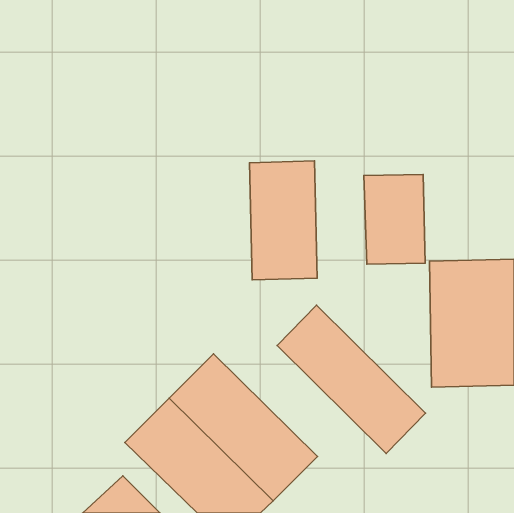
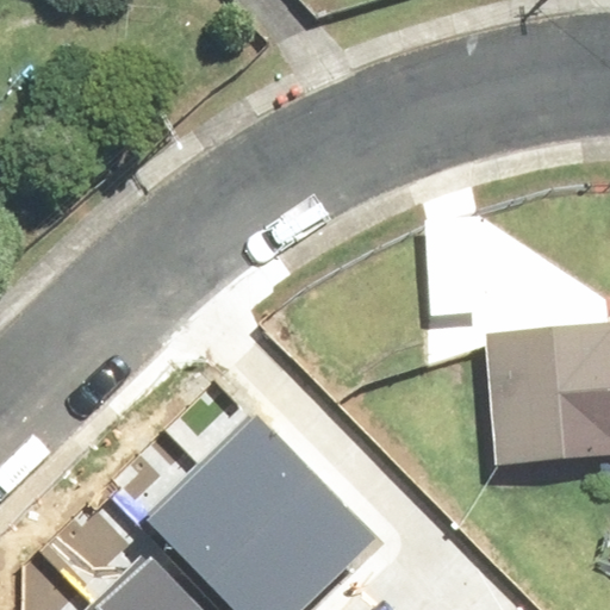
building: [250,161,317,280] -> none
building: [277,305,426,453] -> none

